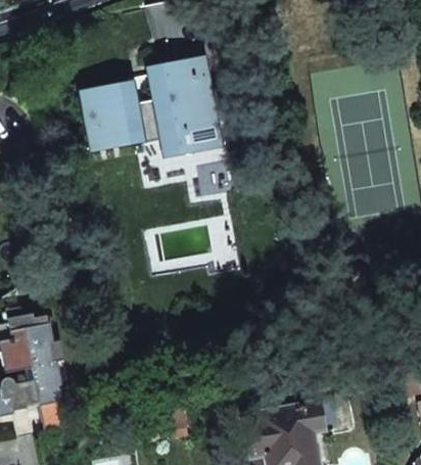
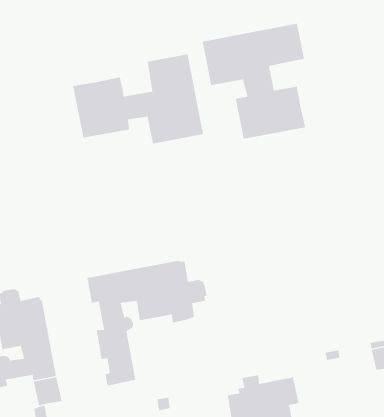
building: none -> [202,23,306,139]
building: none -> [87,260,208,386]

